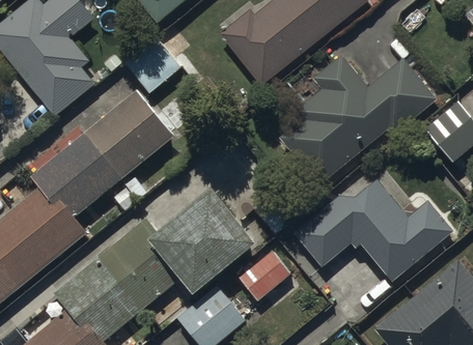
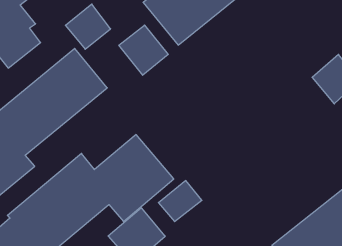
building: [279,54,437,184] -> none
building: none -> [119,25,168,75]
building: [294,179,453,282] -> none

